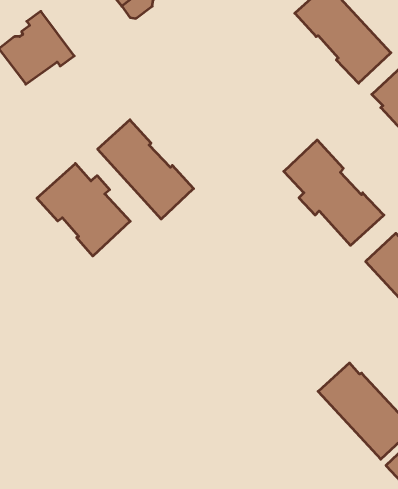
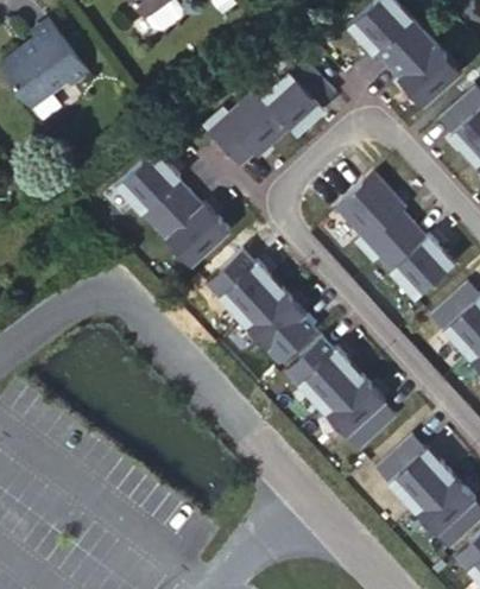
building: none -> [203,58,333,165]
building: [37,163,130,256] -> none
building: none -> [207,249,316,361]
building: none -> [285,335,396,449]

